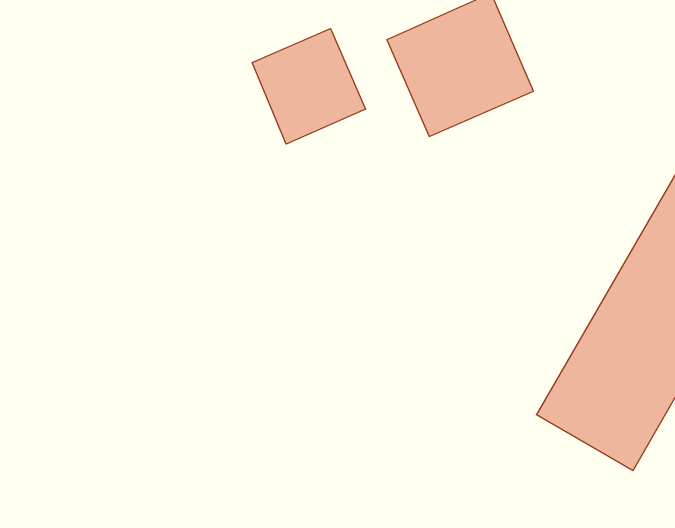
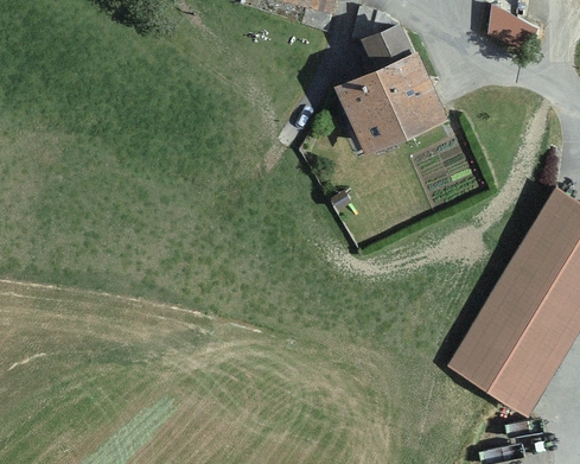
building: [252,29,366,144] -> none

